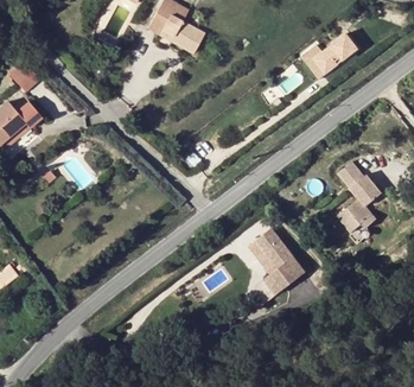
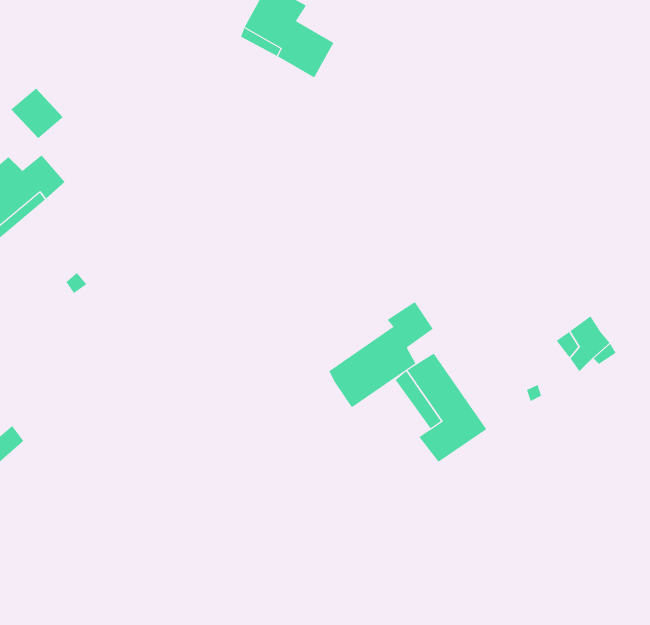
building: [314,33,359,74] -> none
building: [340,161,383,208] -> none
building: none -> [328,301,434,408]

